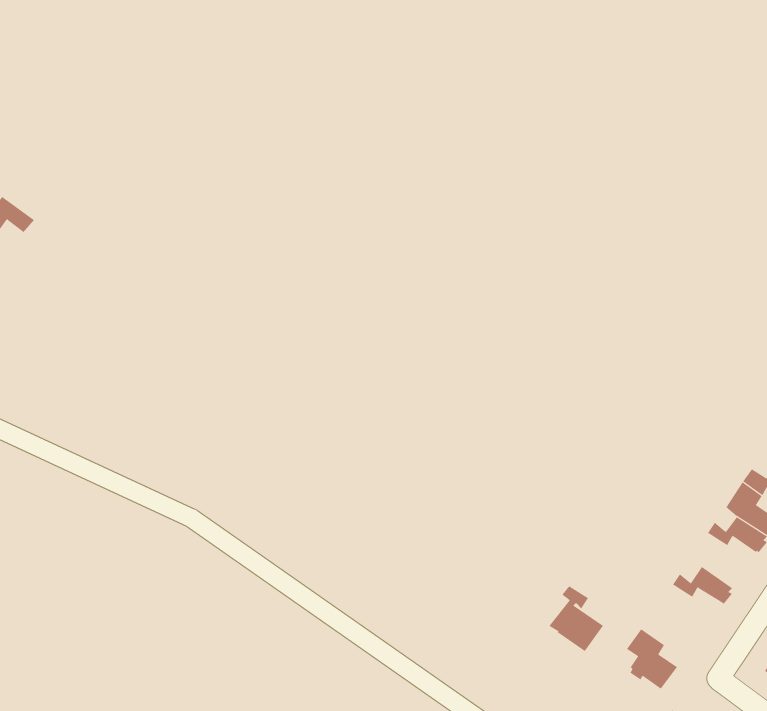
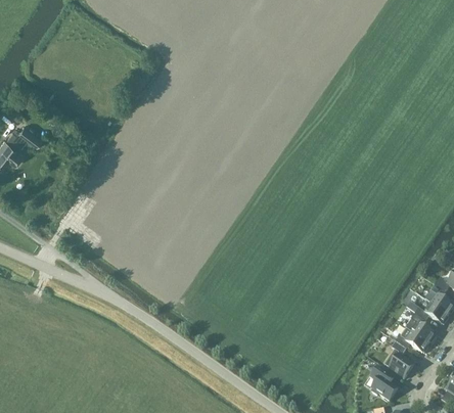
building: none -> [405,312,436,342]
building: [548,585,604,652] -> [383,340,414,377]

